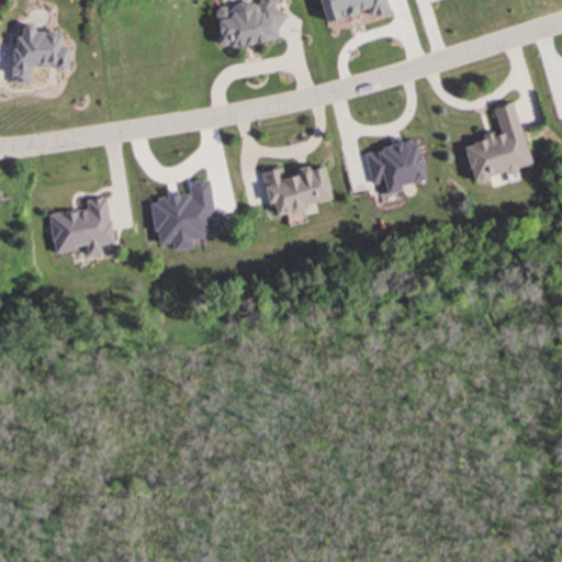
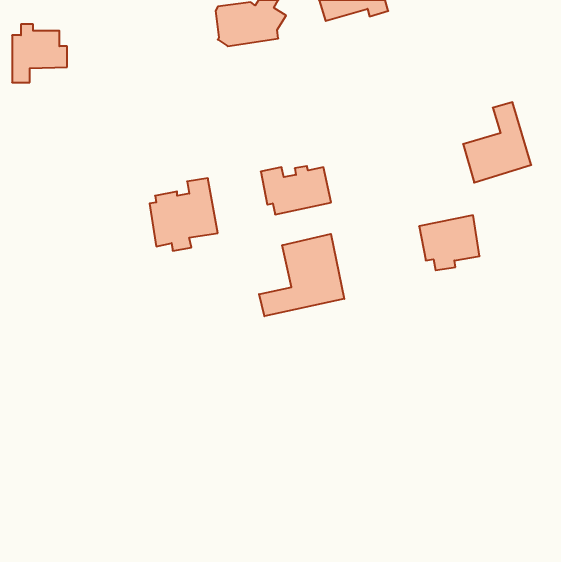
building: [364,139,425,194] -> [419,215,480,270]
building: [48,196,113,256] -> none
building: none -> [259,234,344,316]

